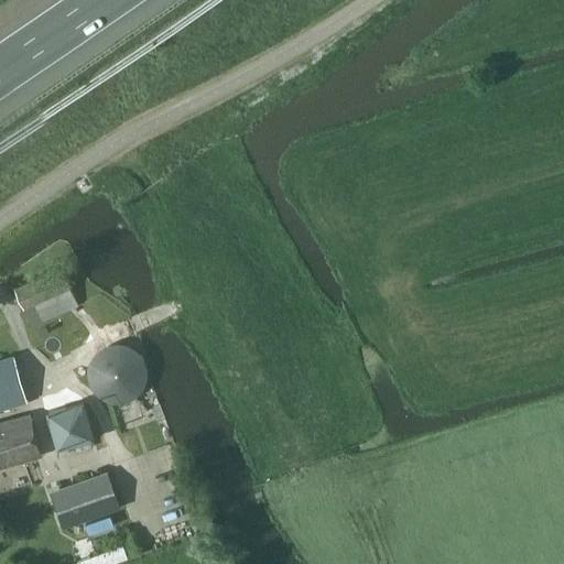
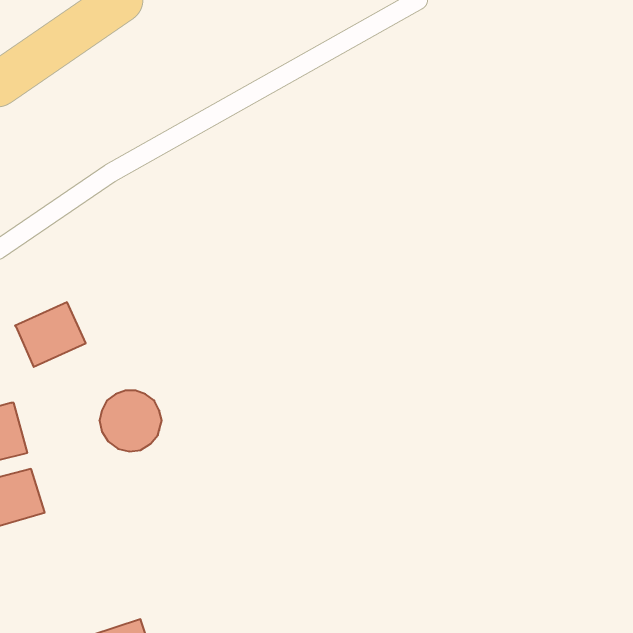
building: [45,404,95,452] -> none
building: [50,473,119,530] -> none

